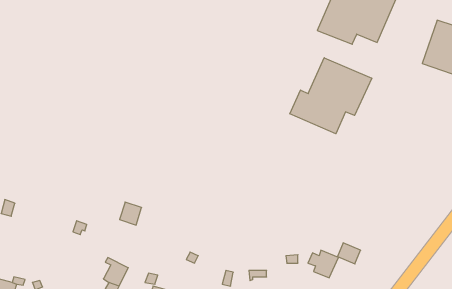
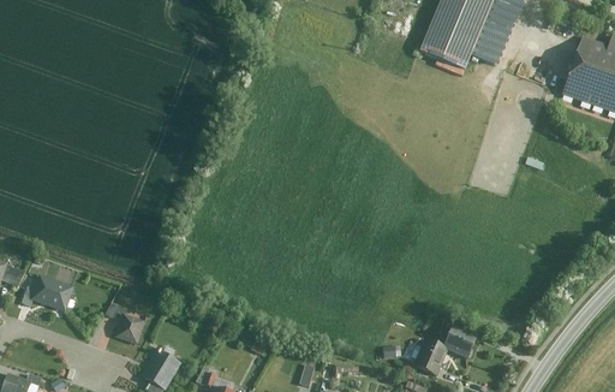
building: [290,58,372,134] -> none
building: [120,202,142,225] -> [115,313,144,343]
building: none -> [32,275,72,309]

